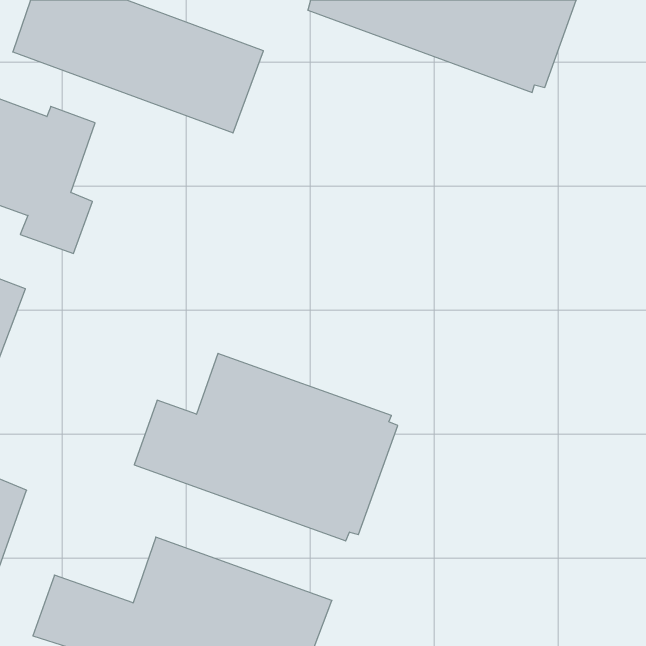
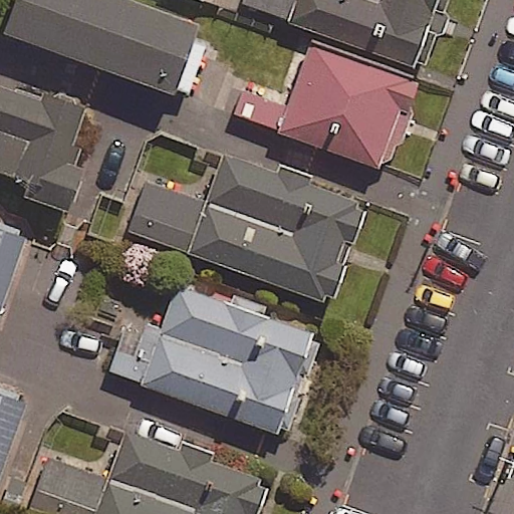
building: none -> [234,50,424,179]
building: none -> [126,152,359,300]

